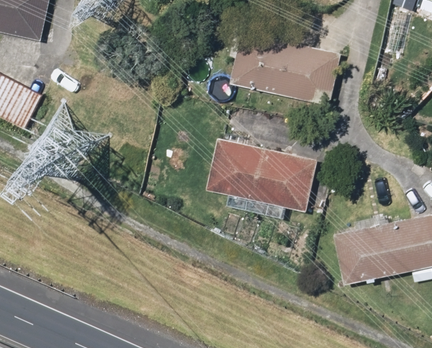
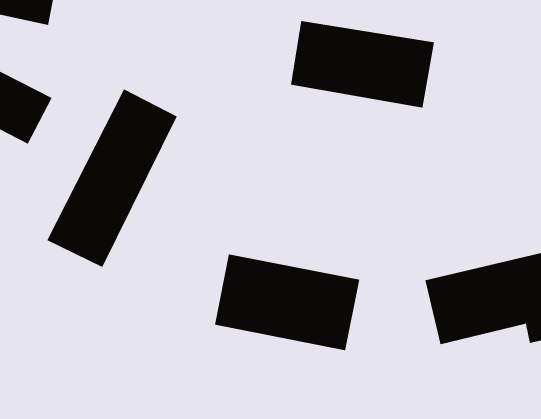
building: none -> [47,89,178,268]
building: [205,138,318,213] -> [214,254,360,351]

